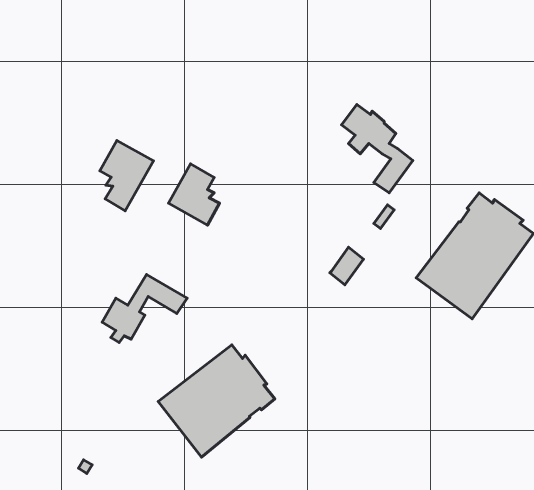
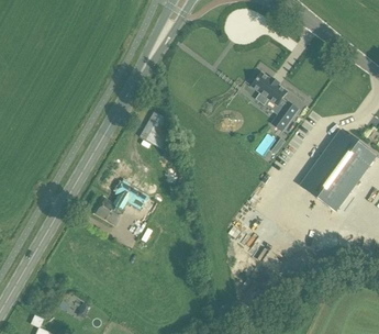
building: [100,140,153,211] -> none
building: [158,345,275,457] -> none

